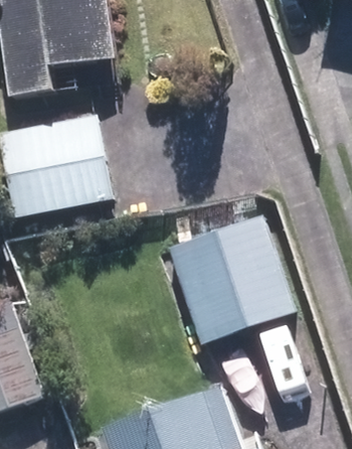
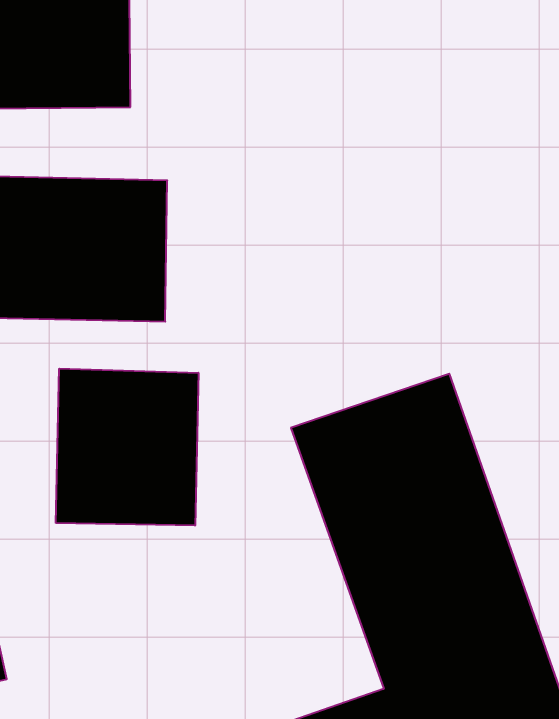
building: none -> [56,369,198,526]

